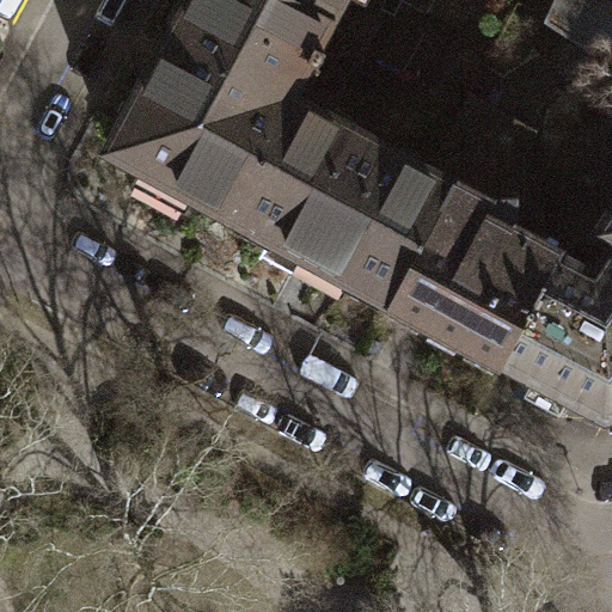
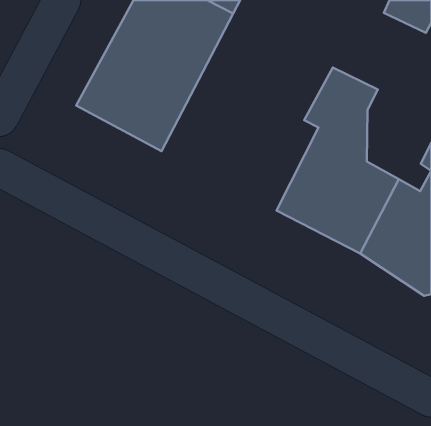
building: [228,110,451,306] -> none

